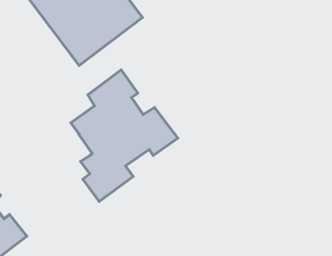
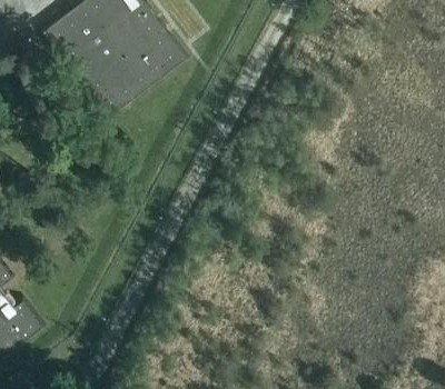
building: [71,70,178,201] -> none

